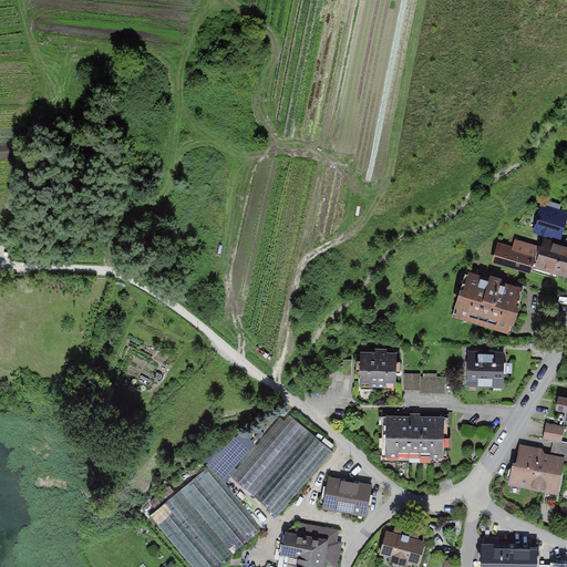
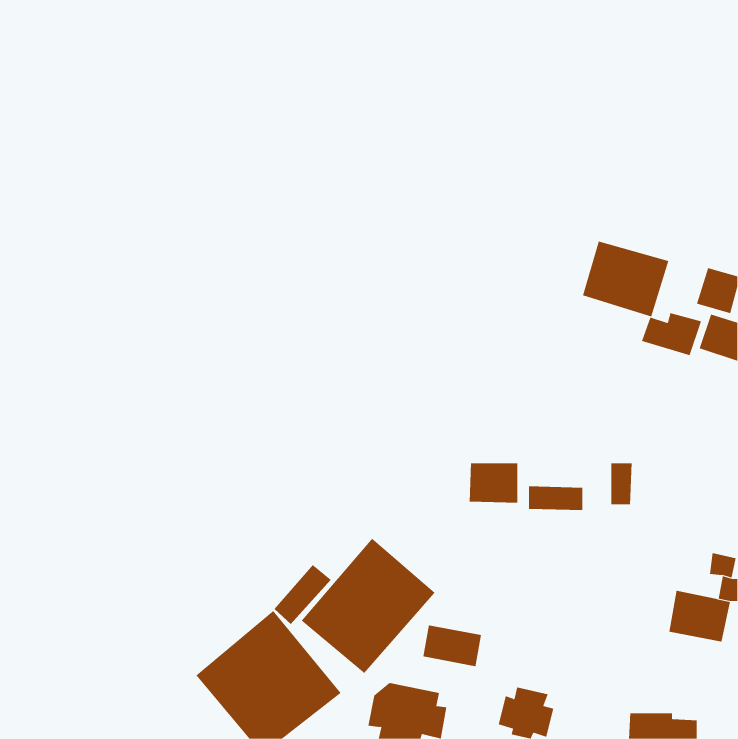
building: [453,274,519,332] -> [582,241,669,317]
building: [483,354,501,388] -> none
building: [386,420,442,458] -> none

